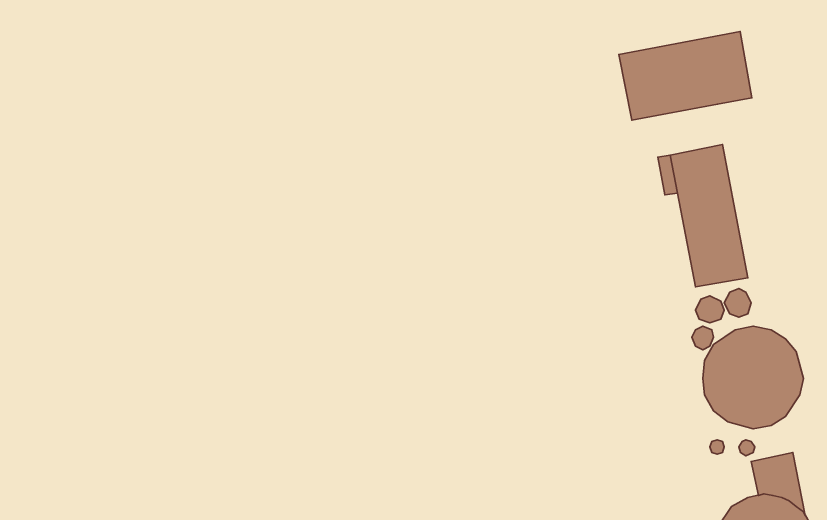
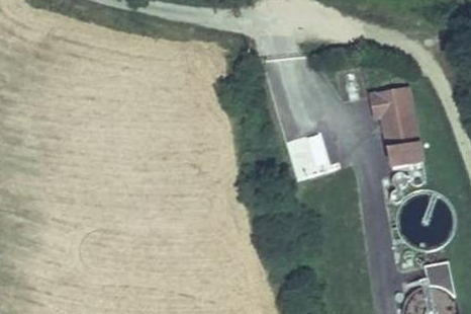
building: [619,32,752,120] -> none

